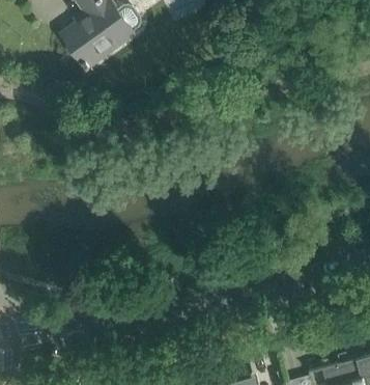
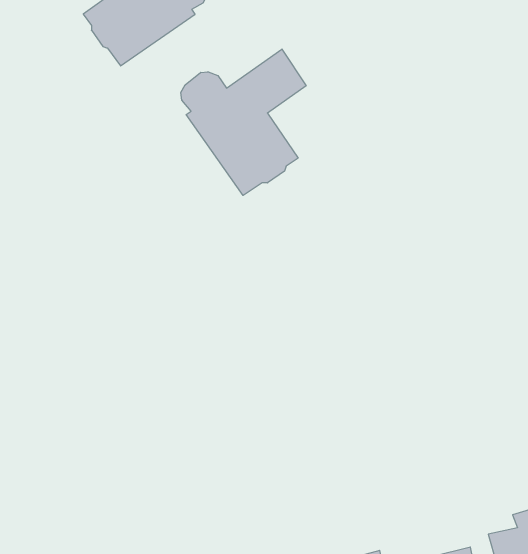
building: none -> [181,49,306,195]

